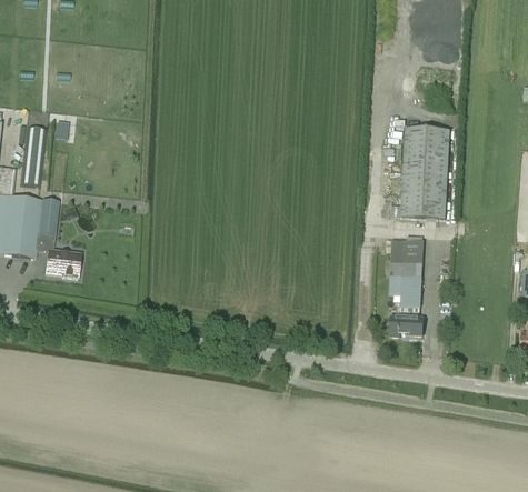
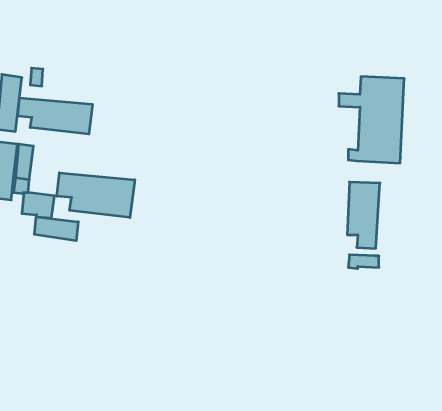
building: none -> [18,98,92,134]
building: none -> [57,173,135,218]
building: none -> [34,217,78,241]

